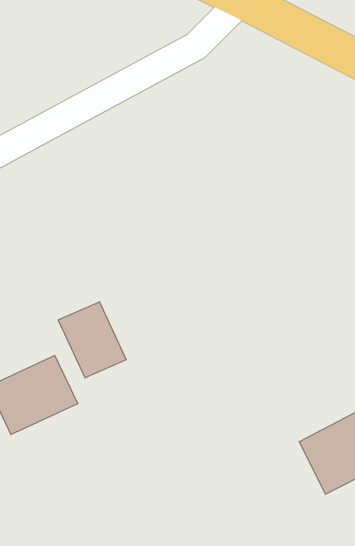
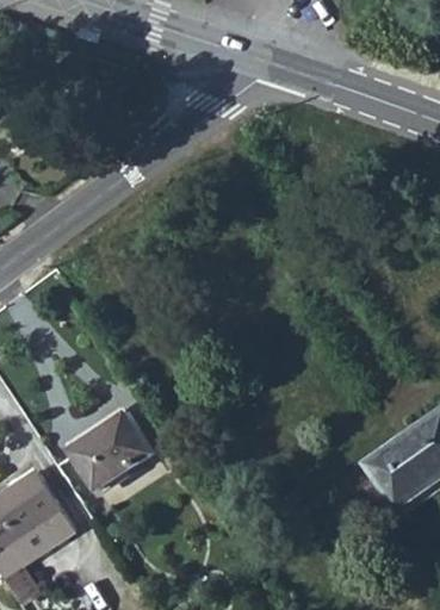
building: [58,302,126,378] -> none

